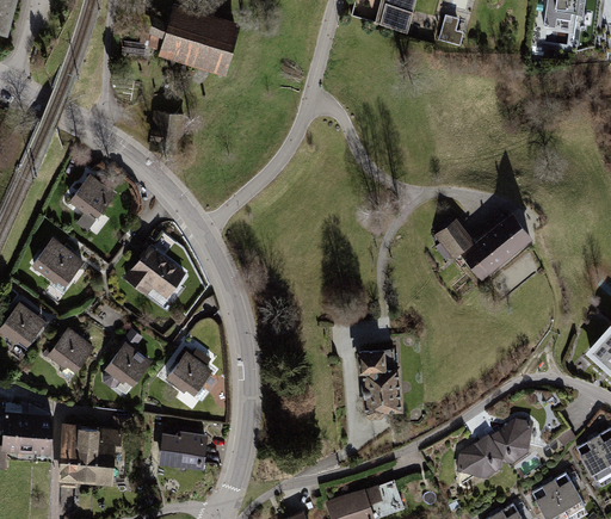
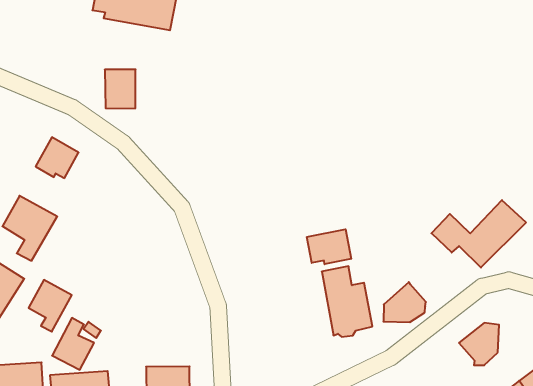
building: [434,210,535,278] -> [431,200,526,268]
building: [123,242,185,297] -> none
building: none -> [307,229,351,264]
building: [105,328,150,383] -> [52,318,94,370]
building: [163,346,212,394] -> none
building: [459,437,506,478] -> [383,282,426,322]

